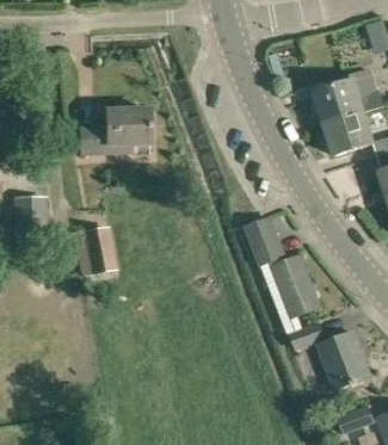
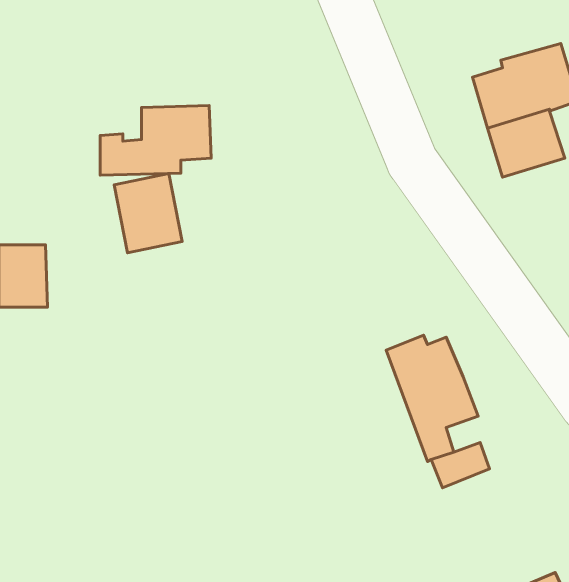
building: [245,217,283,264] -> none
building: [72,224,115,274] -> [114,174,182,253]
building: [318,333,369,390] -> none

